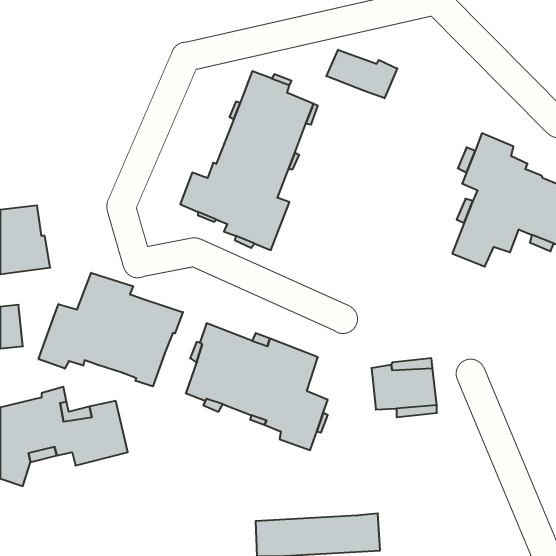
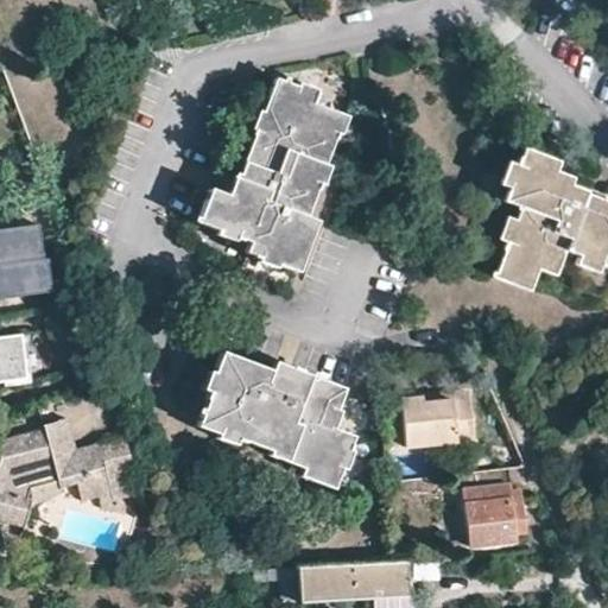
building: [326,50,397,98] -> none
building: [39,273,183,386] -> none
building: none -> [464,484,522,544]

